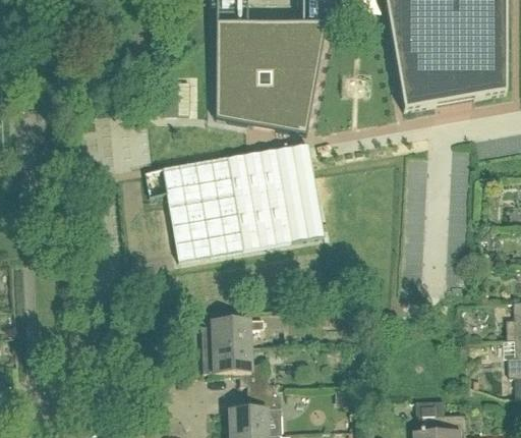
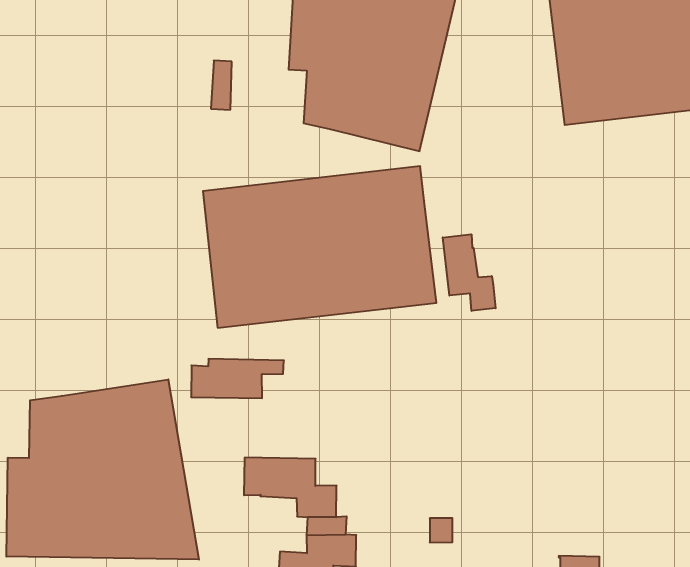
building: none -> [443,234,496,311]
building: none -> [6,379,199,560]
building: [200,318,263,346] -> [191,359,284,398]

